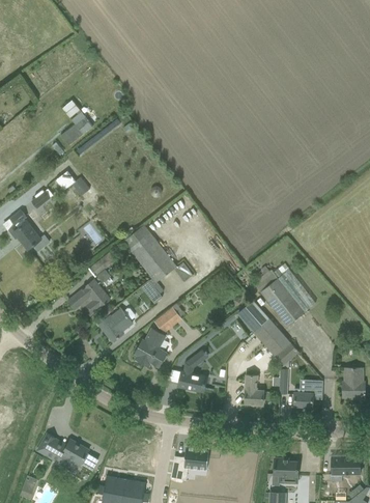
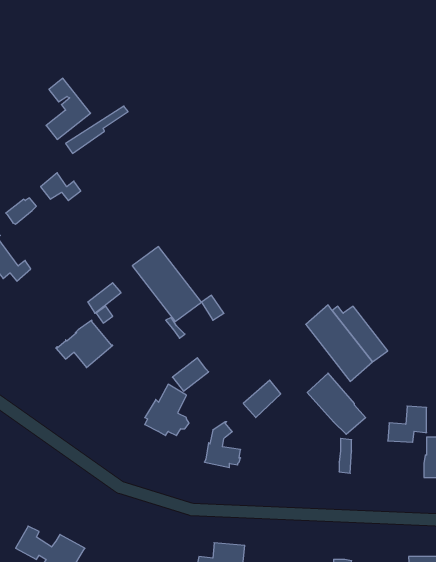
building: [236,300,271,334] -> none
building: [98,308,135,341] -> none
building: [245,374,263,407] -> none
building: [293,380,322,407] -> [388,406,427,442]

